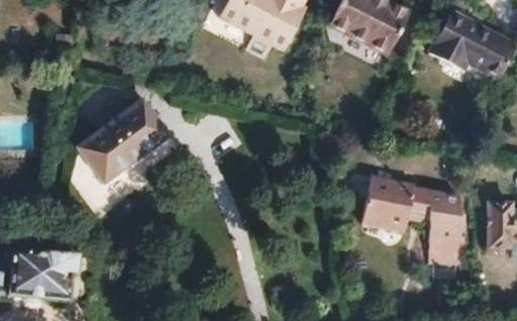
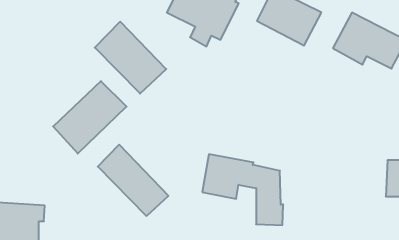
building: none -> [95,22,166,94]
building: [367,173,466,259] -> [202,154,283,225]
building: none -> [98,145,168,216]

